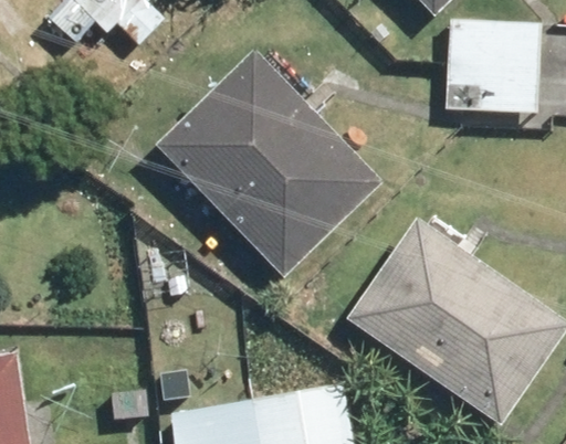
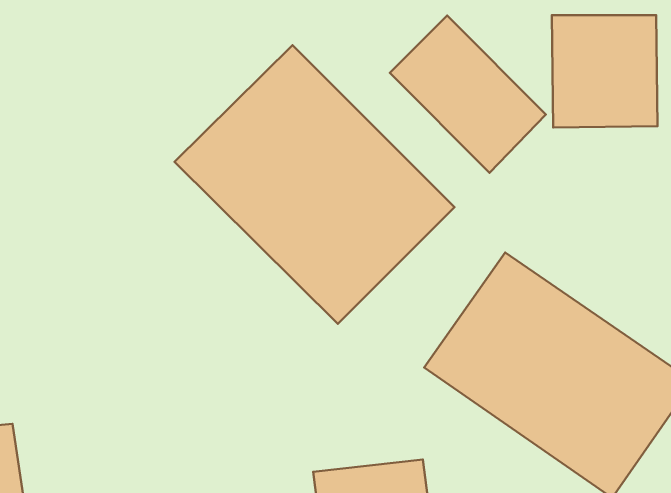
building: none -> [390,16,546,173]

